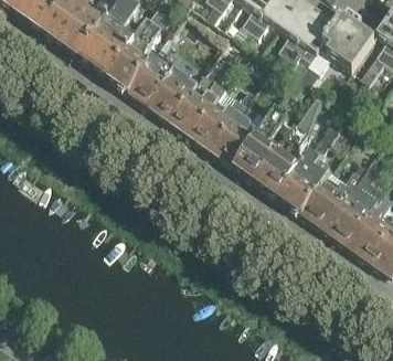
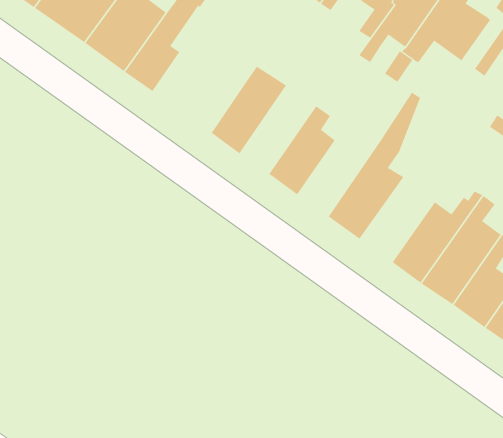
building: [129,54,197,121] -> none
building: [192,86,255,151] -> none
building: [234,107,294,182] -> none
building: [279,117,343,215] -> none

